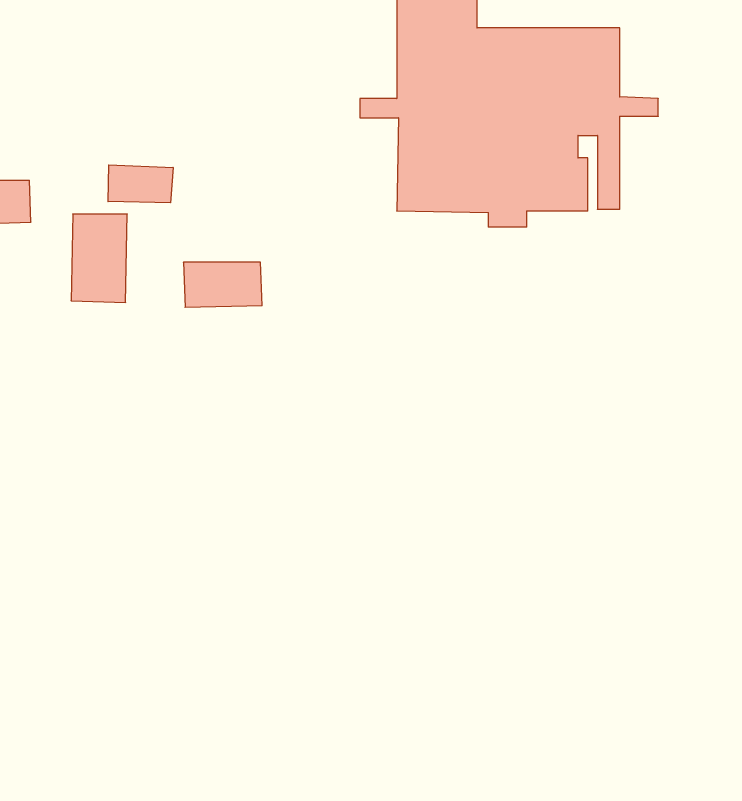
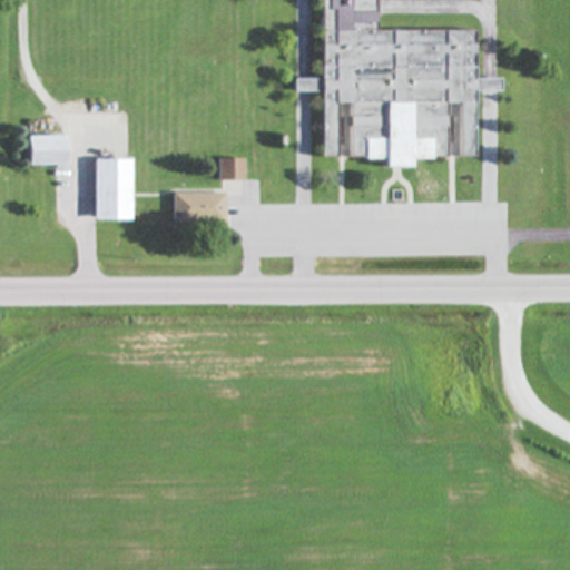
building: [108,165,173,203] -> none
building: none -> [219,157,246,180]

